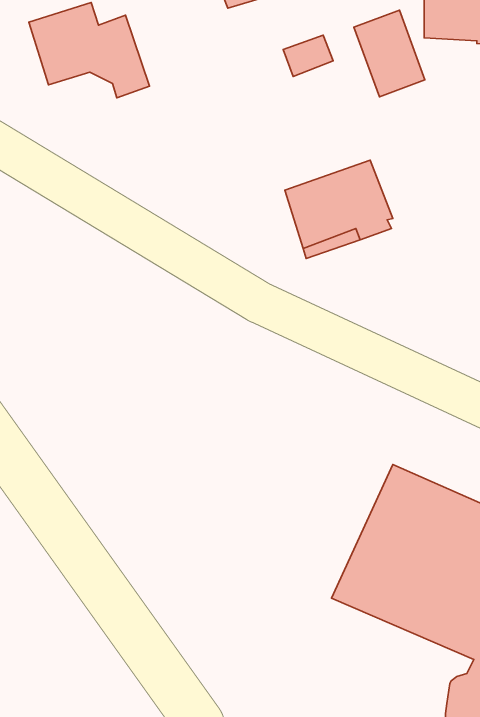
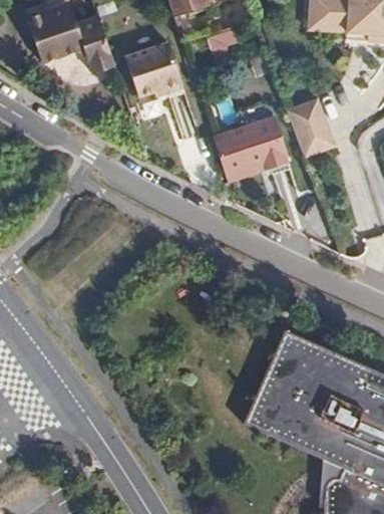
building: [354,10,425,97] -> [286,97,336,159]
building: none -> [124,41,181,94]

